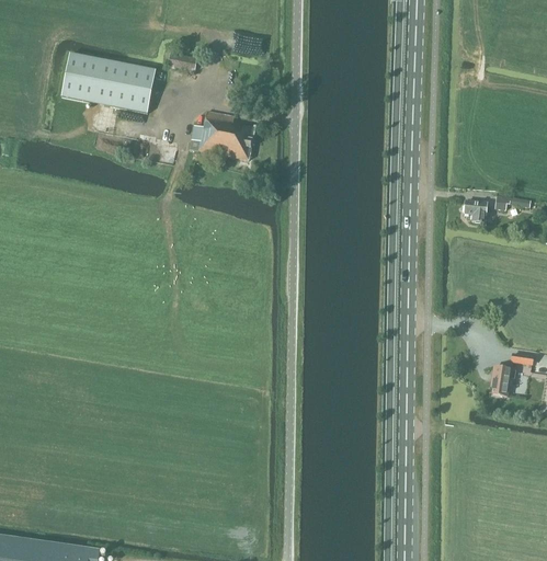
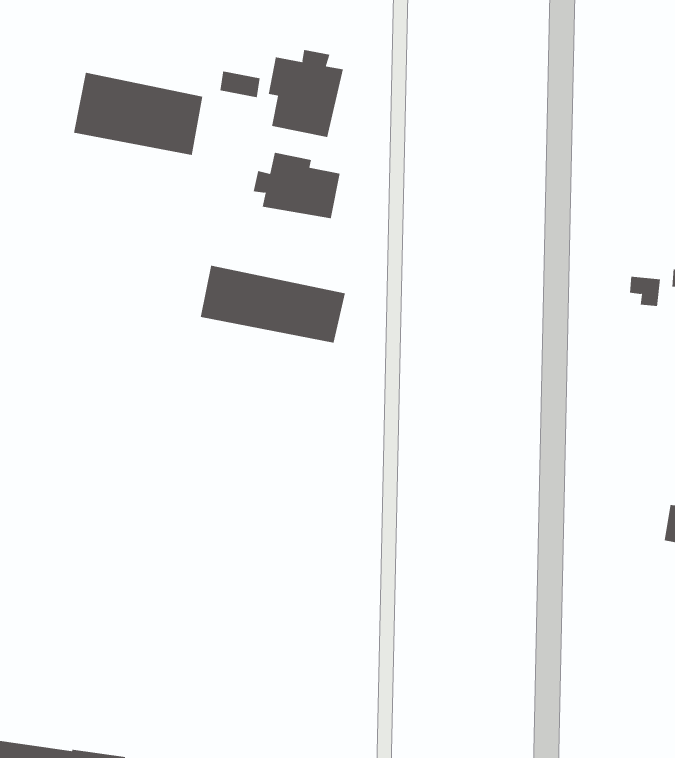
building: none -> [268,49,344,138]
building: none -> [200,265,345,344]

